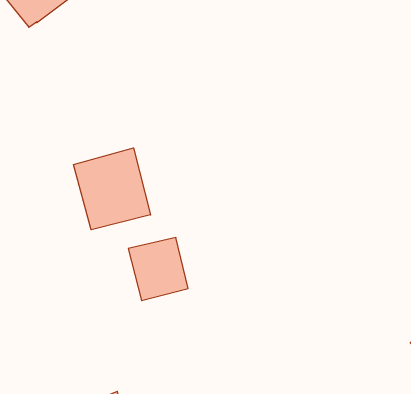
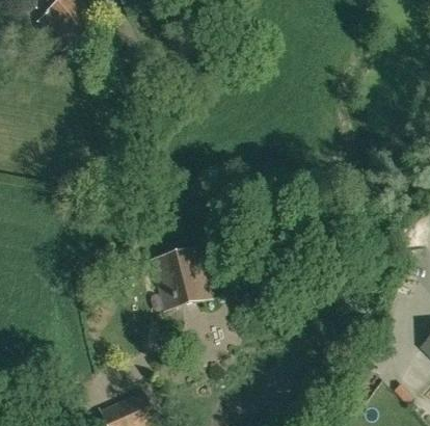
building: [74,148,151,230] -> none

